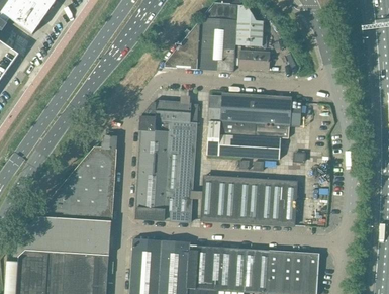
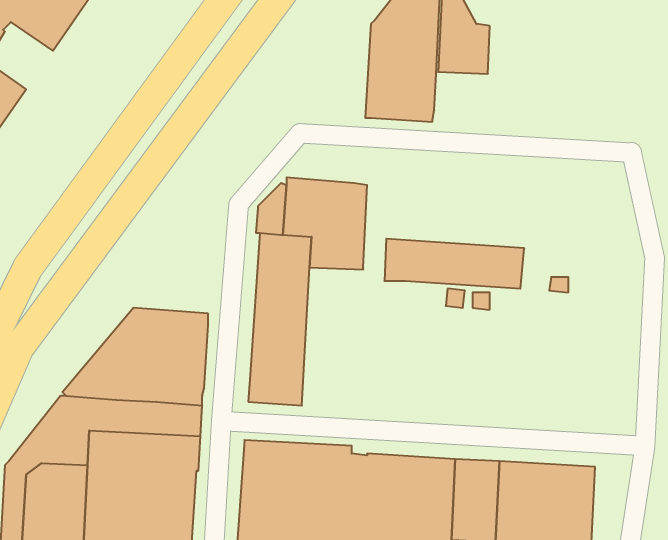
building: [164,19,200,69] -> none
building: [233,45,269,69] -> none
building: [208,92,300,137] -> none
building: [75,131,117,172] -> none
building: [164,148,196,221] -> none
building: [202,175,297,225] -> none

